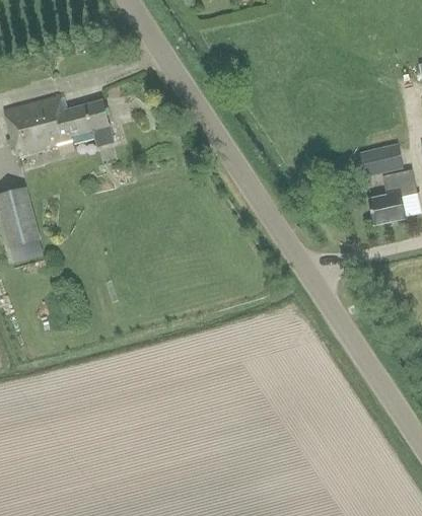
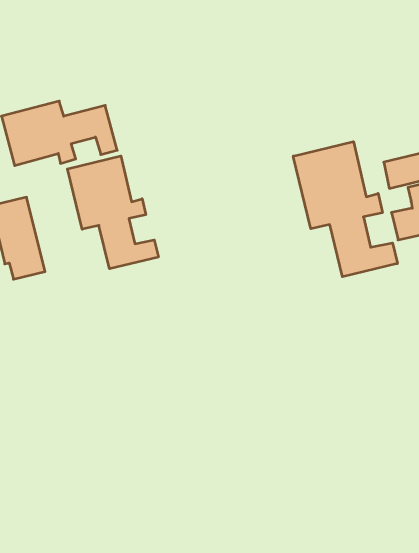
building: none -> [293,142,397,277]
building: none -> [67,156,158,269]

